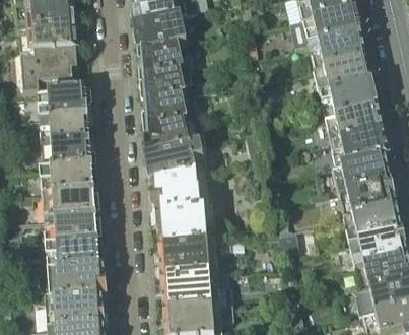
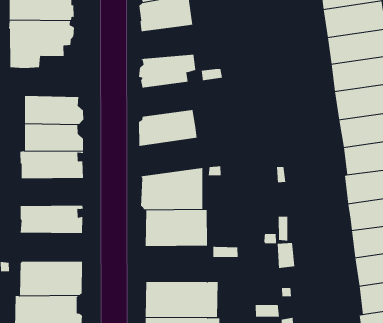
building: [137,46,192,78] -> none
building: [37,90,91,120] -> none
building: [142,95,196,130] -> none
building: [145,143,207,184] -> none
building: [42,190,99,219] -> none
building: [45,240,104,269] -> none
building: [158,242,217,278] -> none

